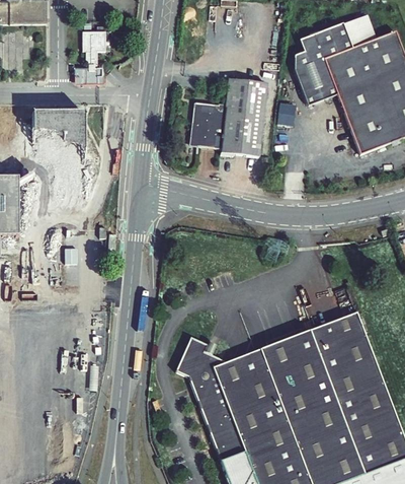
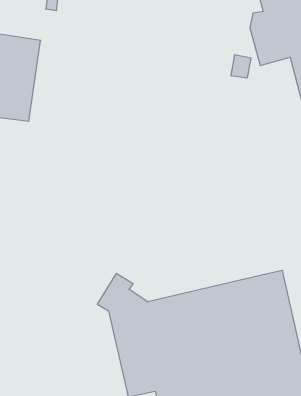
building: [193,77,268,154] -> none

